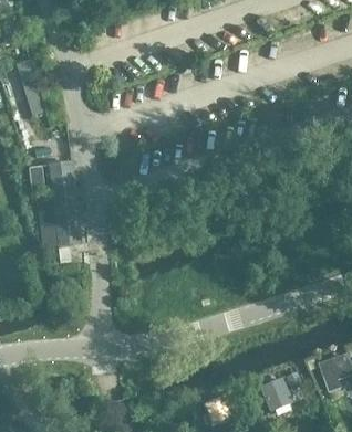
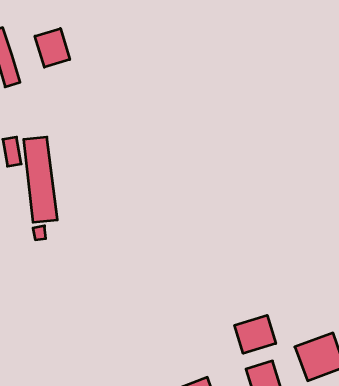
building: none -> [35,28,70,67]
building: none -> [235,315,276,353]

